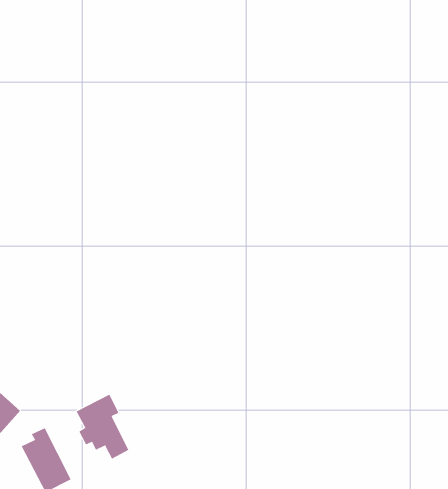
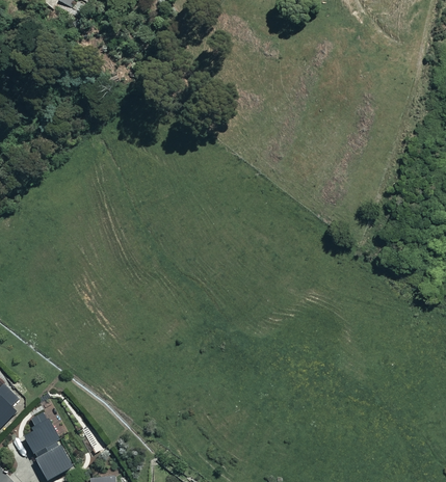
building: [76,394,129,459] -> none

